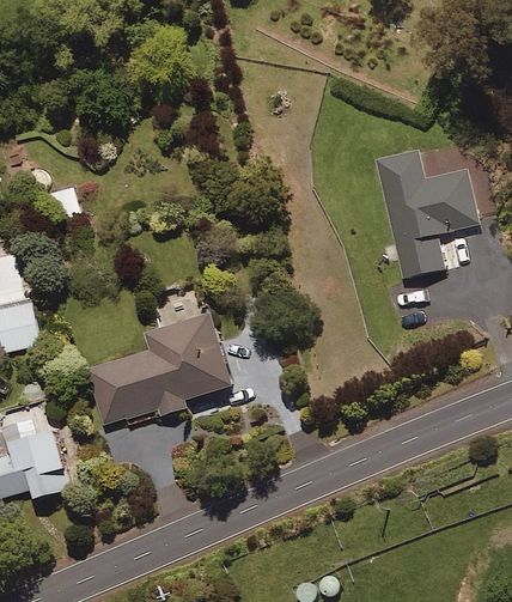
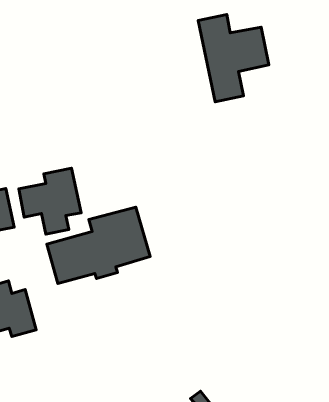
building: [377,151,477,275] -> [198,14,269,102]
building: none -> [19,168,81,234]

